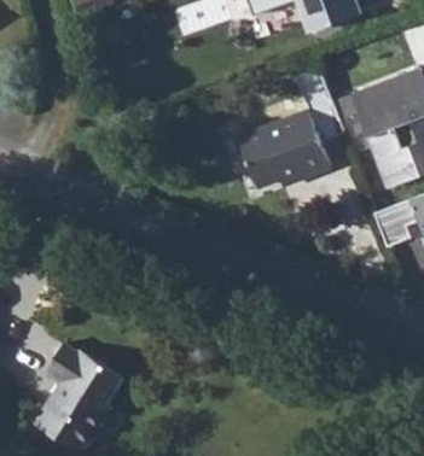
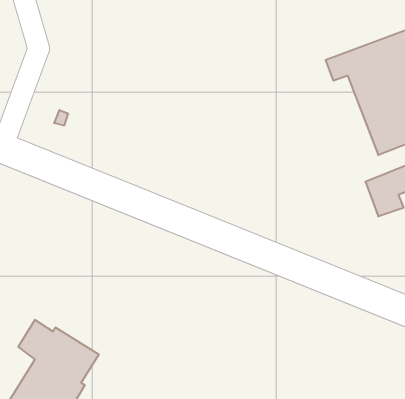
building: [238,69,343,187] -> none

